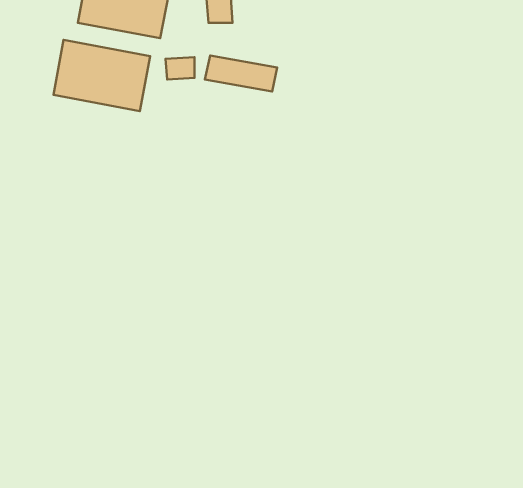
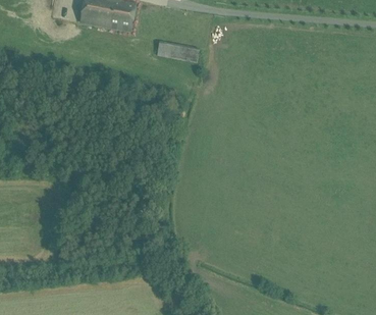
building: [53,40,150,111] -> none

